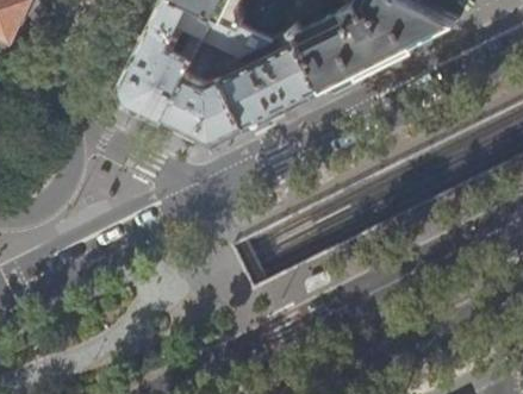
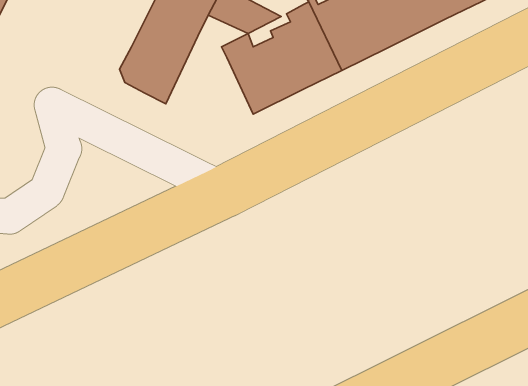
building: [163,58,242,144] -> none

